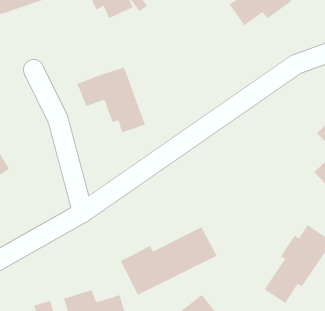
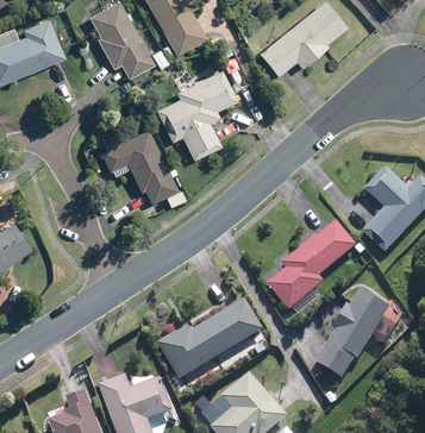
building: none -> [157,70,237,159]
building: none -> [267,221,355,316]

